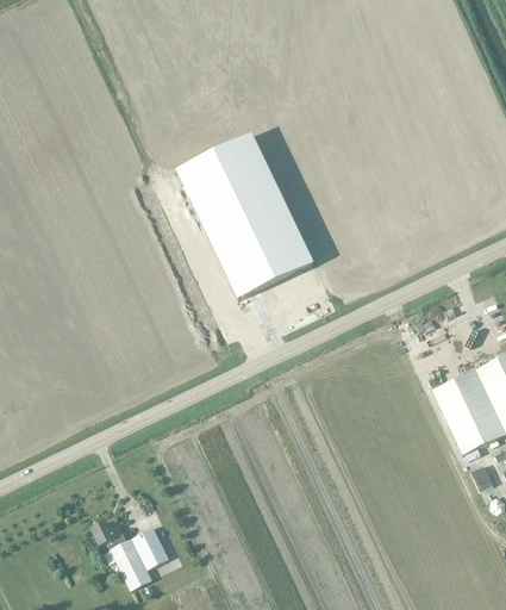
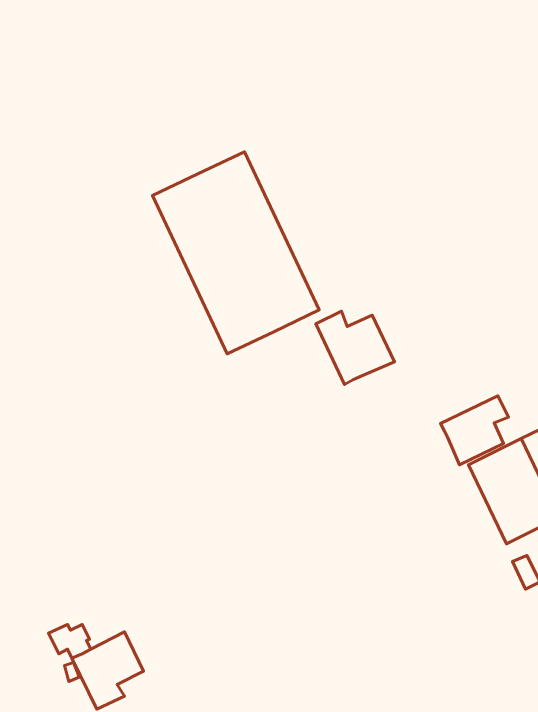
building: none -> [316,311,395,385]
building: none -> [440,396,508,465]

